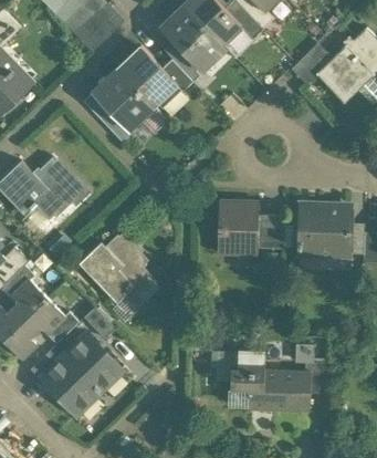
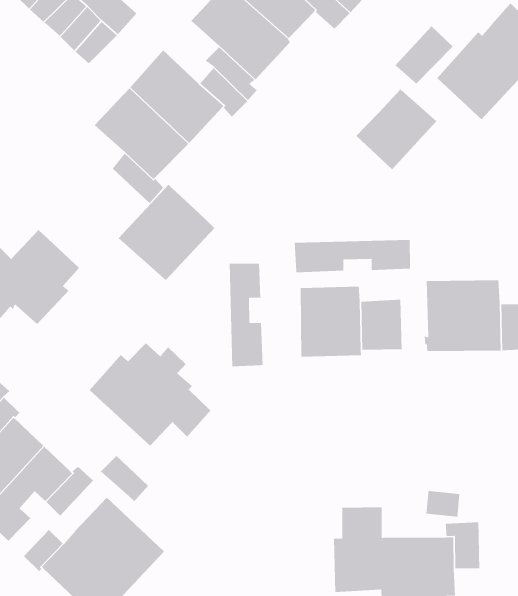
building: none -> [355,89,437,170]
building: none -> [118,184,215,281]
building: none -> [294,239,411,273]
building: none -> [229,263,263,367]

